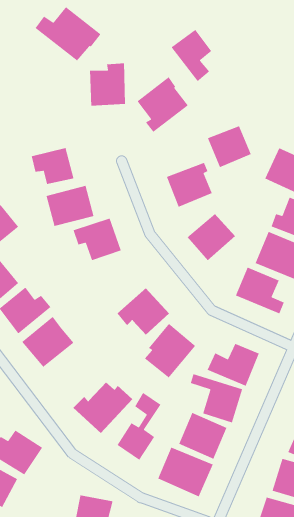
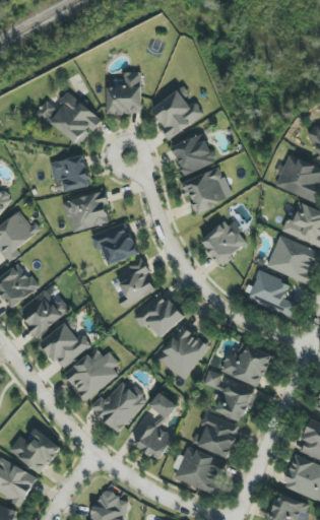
building: [34,6,101,61] -> [37,91,102,145]
building: [171,29,212,82] -> none
building: [207,125,252,168] -> [171,134,214,176]
building: none -> [114,260,154,303]
building: none -> [64,347,119,401]

